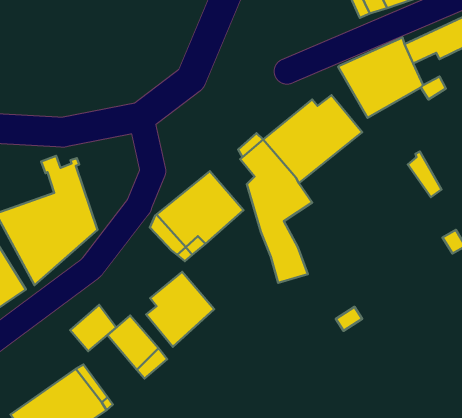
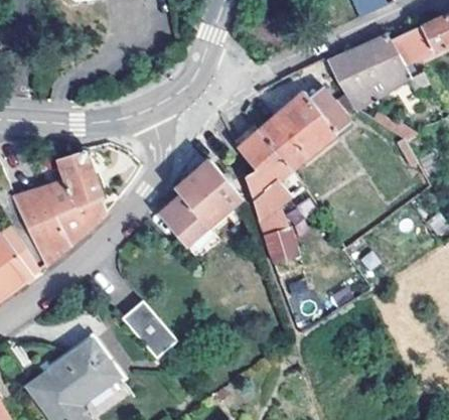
building: [146,272,214,347] -> none
building: [70,305,116,351] -> none

